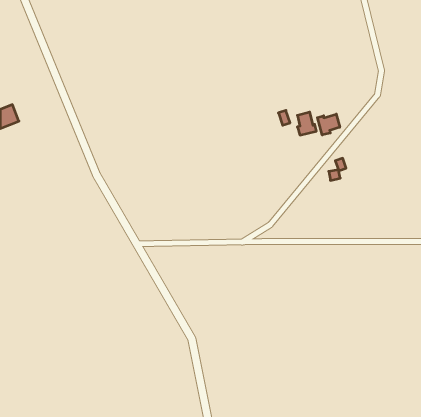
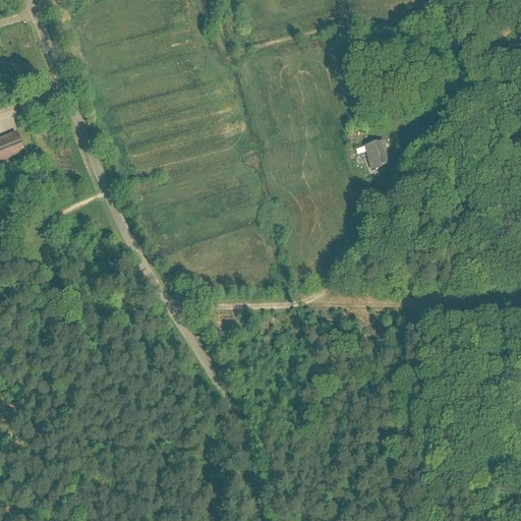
building: [317,114,340,135] -> none

